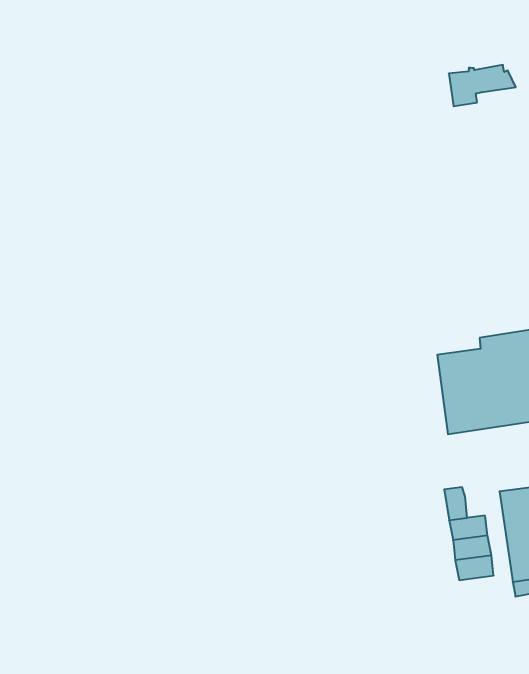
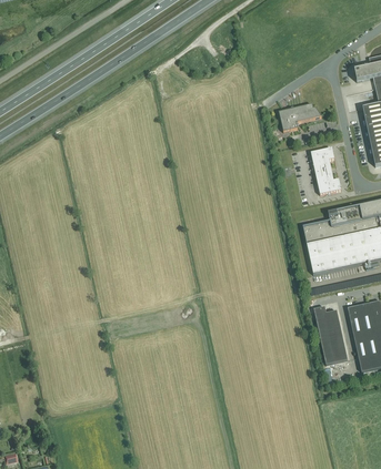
building: [449,65,516,106] -> [279,103,321,131]
building: none -> [311,147,341,194]

